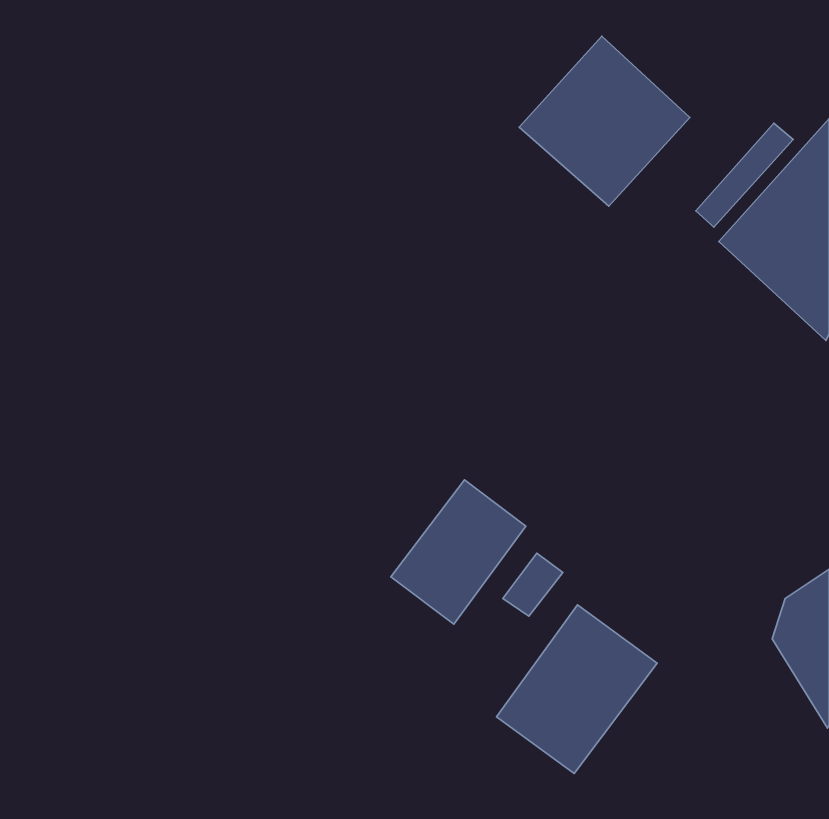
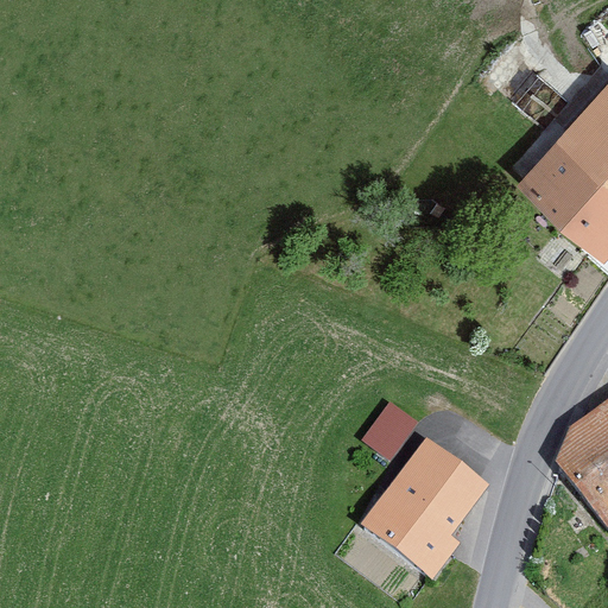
building: [519,36,690,206] -> none
building: [391,480,526,624] -> none

